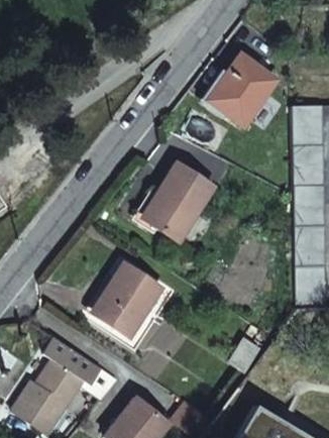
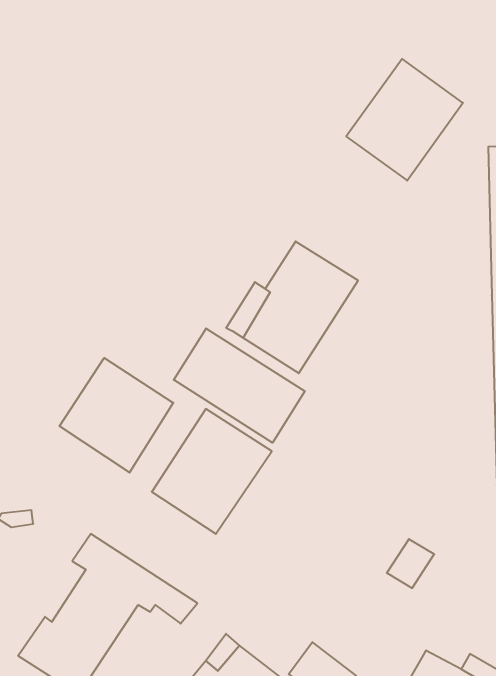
building: none -> [174,328,305,443]
building: none -> [60,358,173,473]

